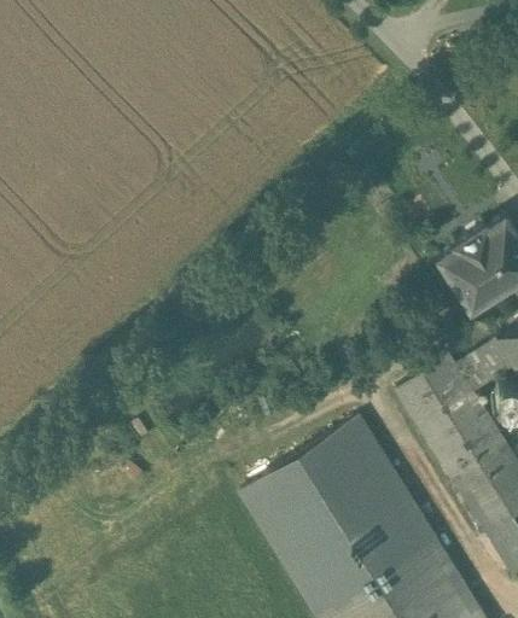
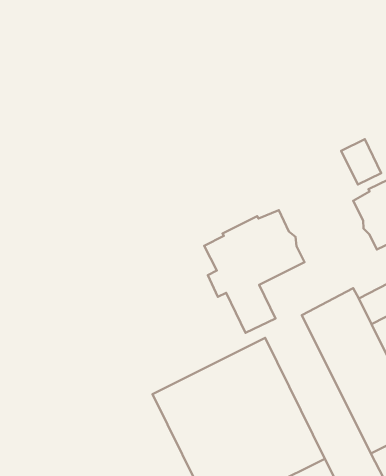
building: none -> [341,139,381,185]
building: none -> [204,210,305,333]

